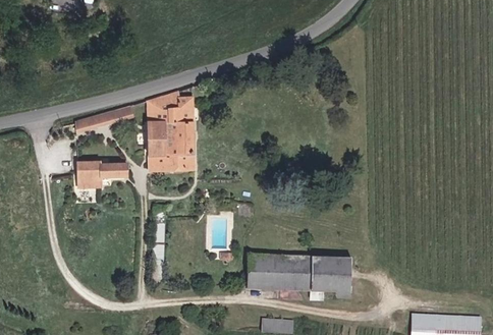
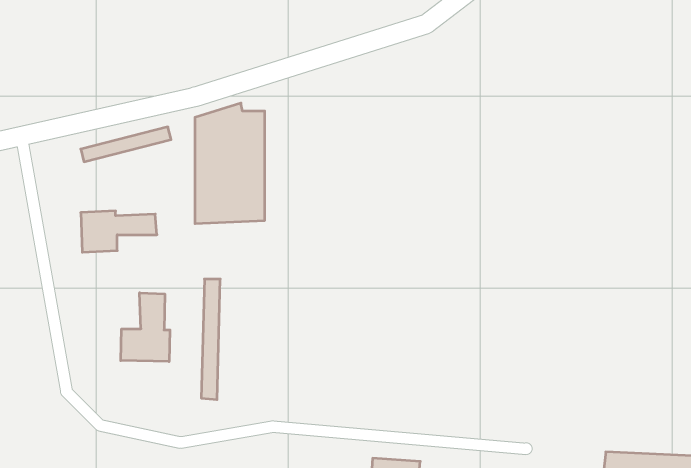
building: none -> [121,293,170,362]
building: [248,254,351,299] -> none

